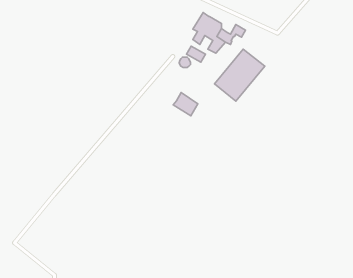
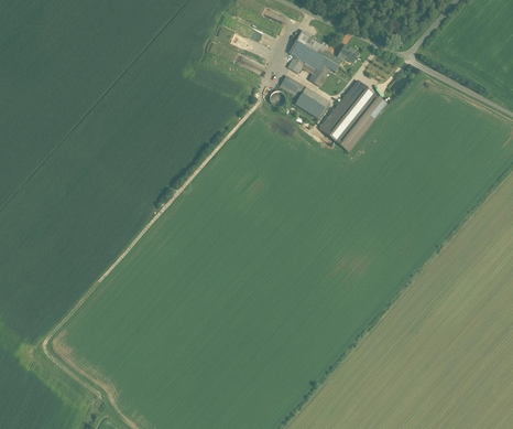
building: [173,93,198,116] -> [293,86,327,118]

